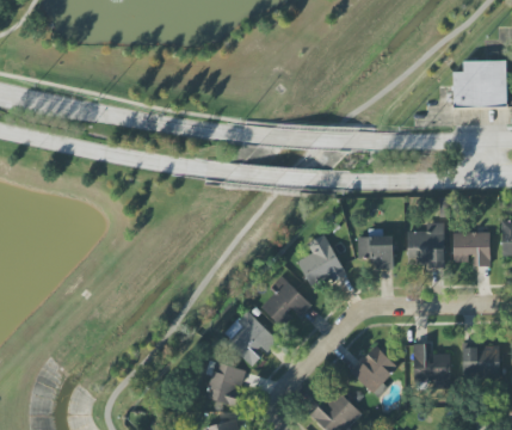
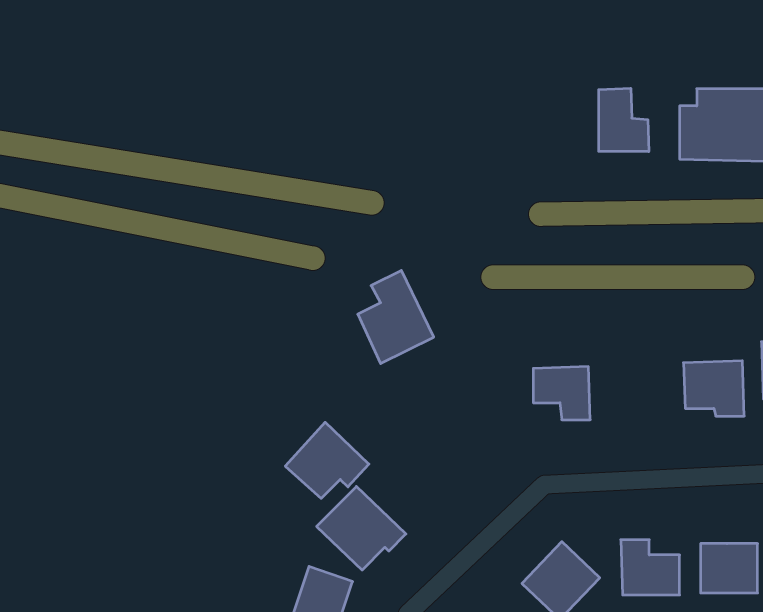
building: none -> [599,88,649,152]
building: [407,222,444,265] -> none
building: [298,233,346,291] -> [358,270,434,364]
building: [259,278,311,326] -> [285,422,369,498]

